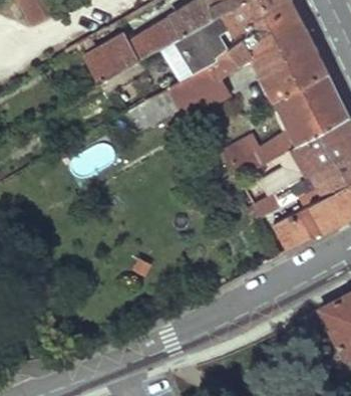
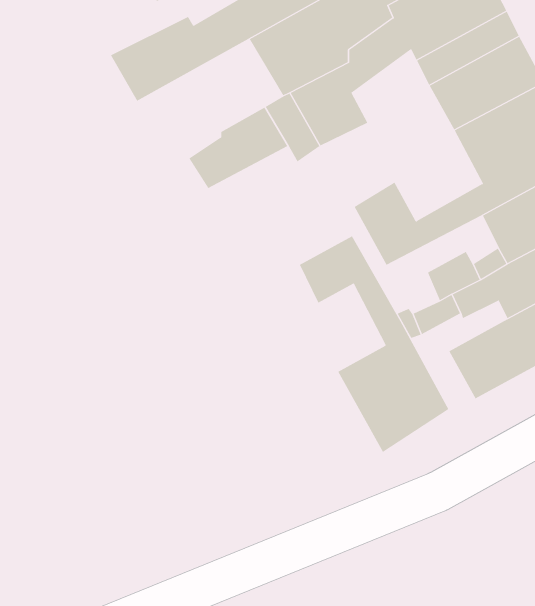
building: none -> [299,236,449,453]

